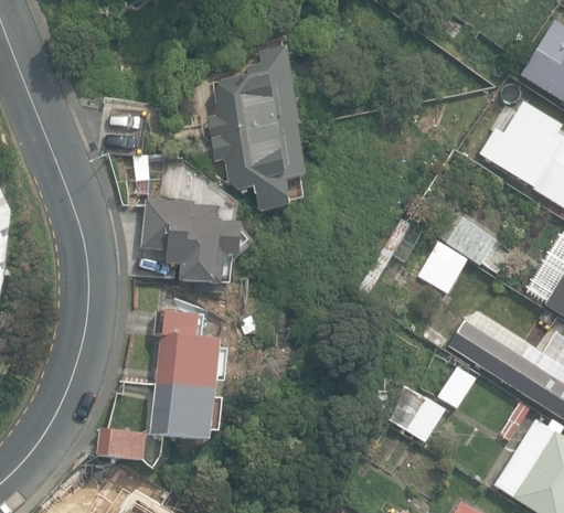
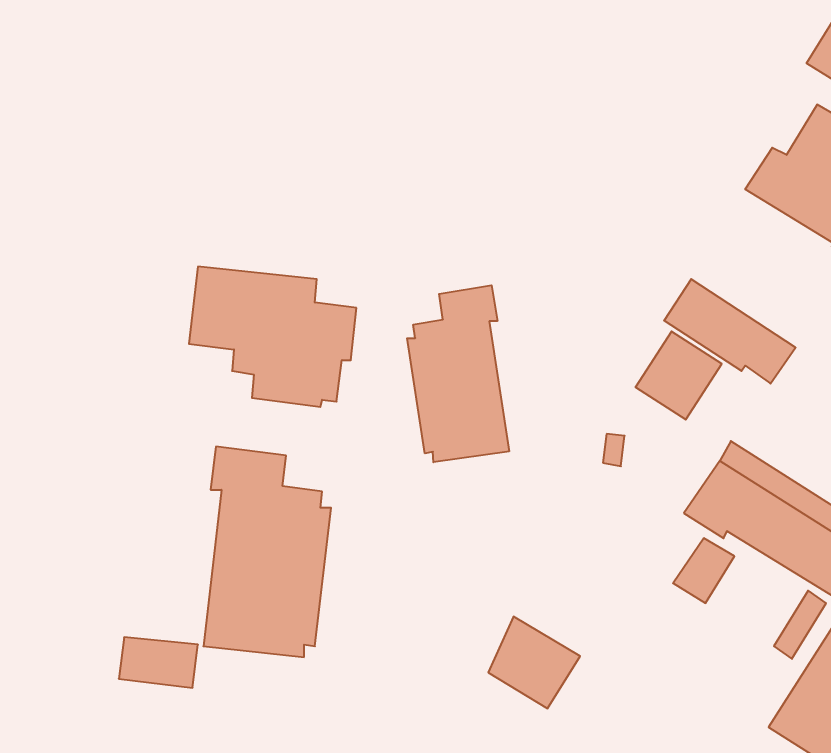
building: [209,50,306,211] -> none
building: none -> [407,285,509,462]
building: [389,385,445,441] -> [488,617,580,708]

